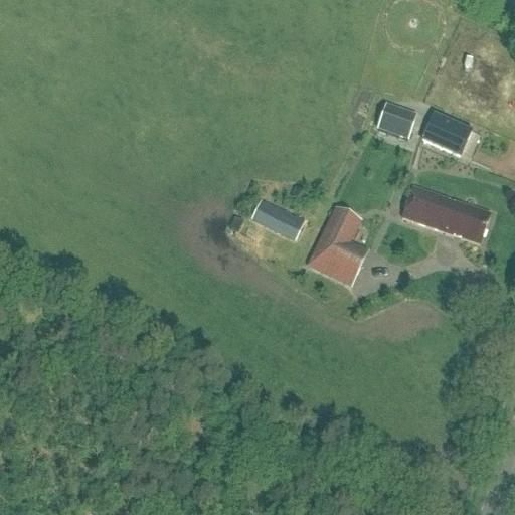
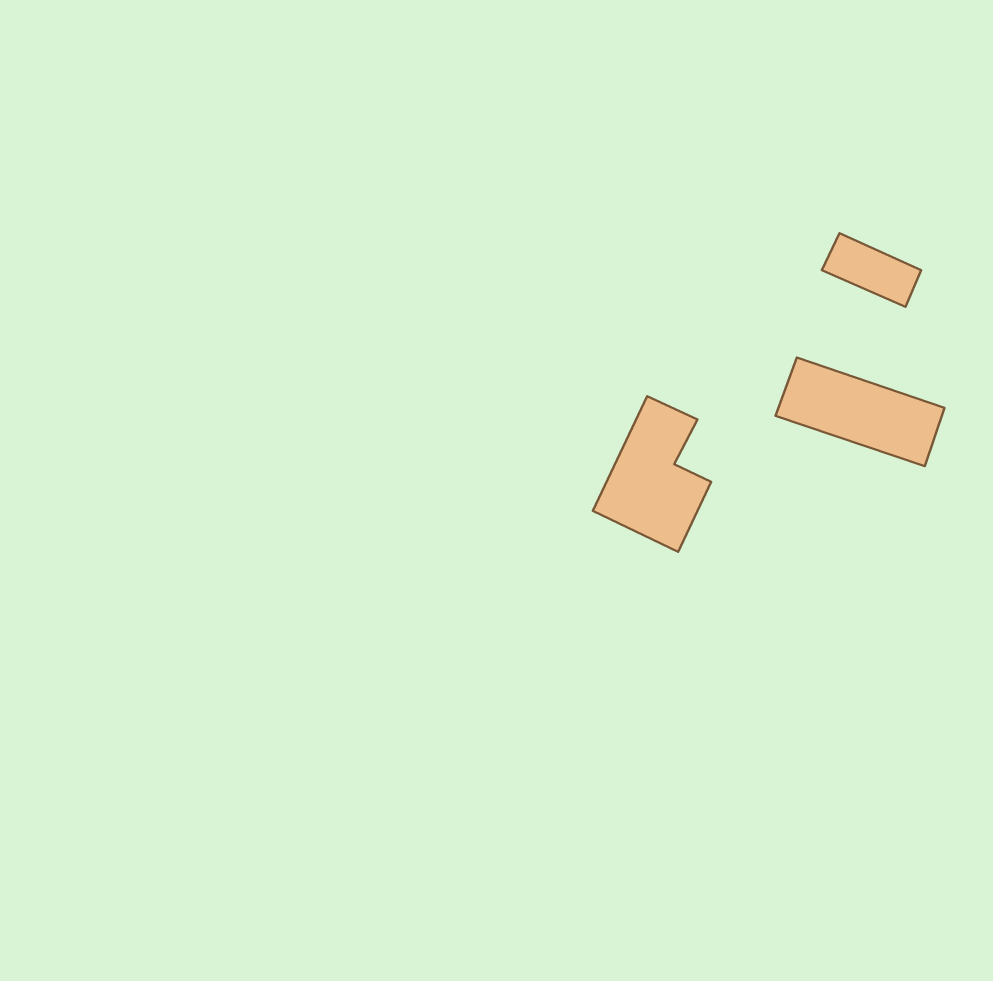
building: [375,102,416,138] -> none
building: [250,198,304,239] -> none

